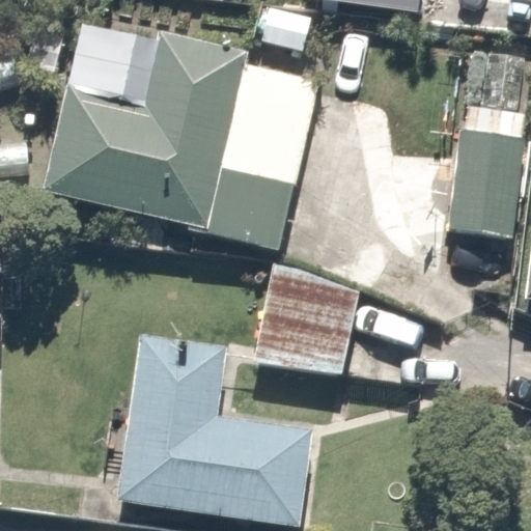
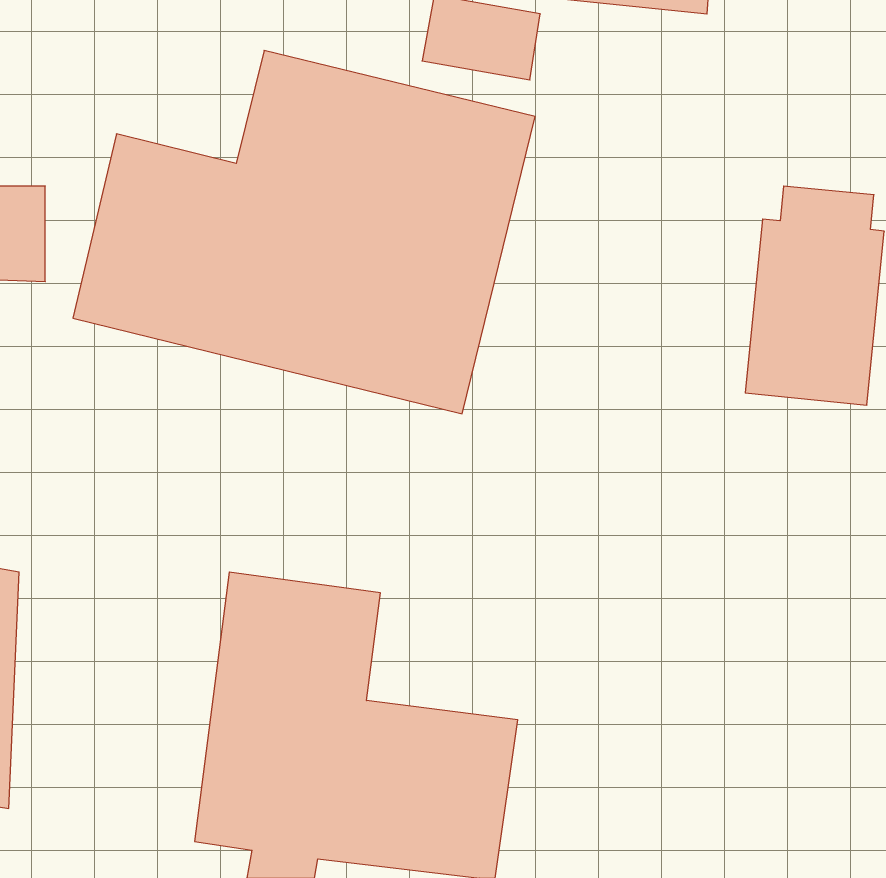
building: [252,262,362,376] -> none

